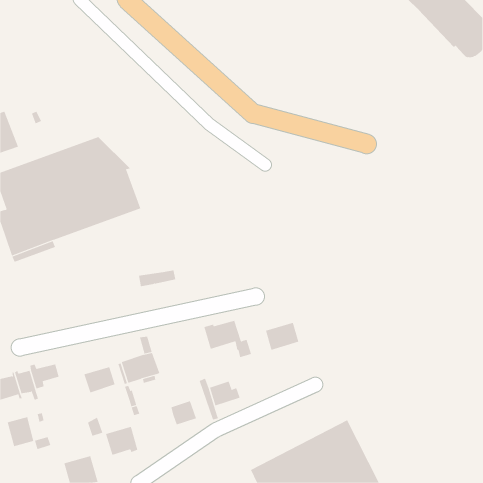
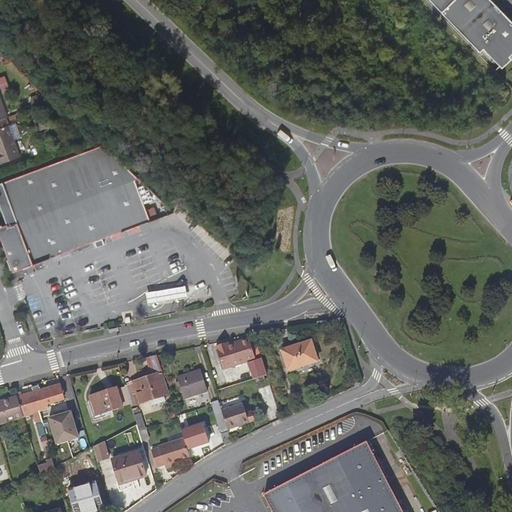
building: none -> [176,369,207,398]
building: none -> [151,438,189,466]
building: [7,417,34,447] -> [48,412,77,444]

